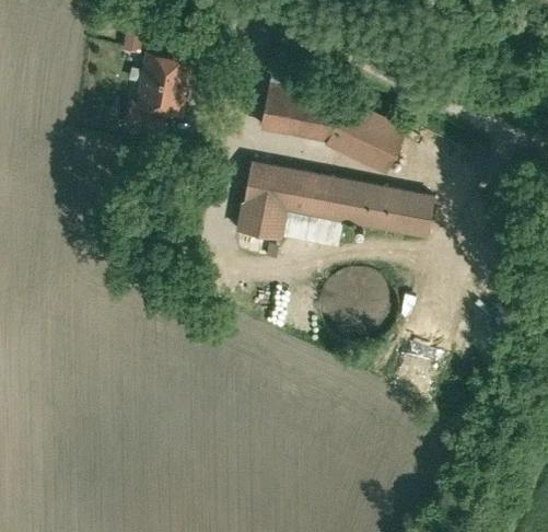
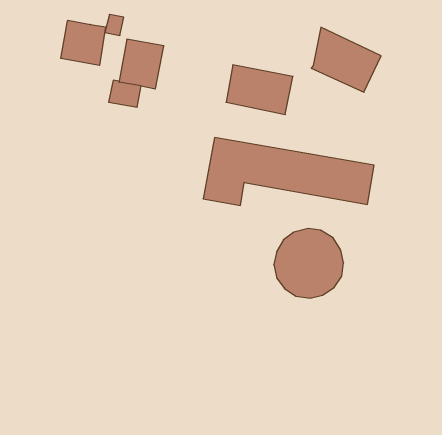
building: none -> [61,20,106,65]
building: [328,93,408,167] -> [311,27,381,92]

